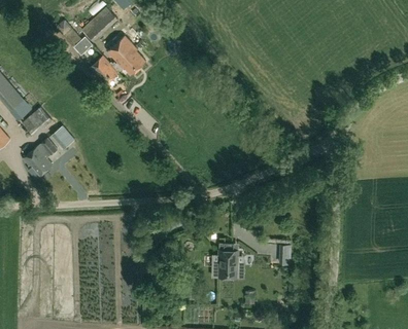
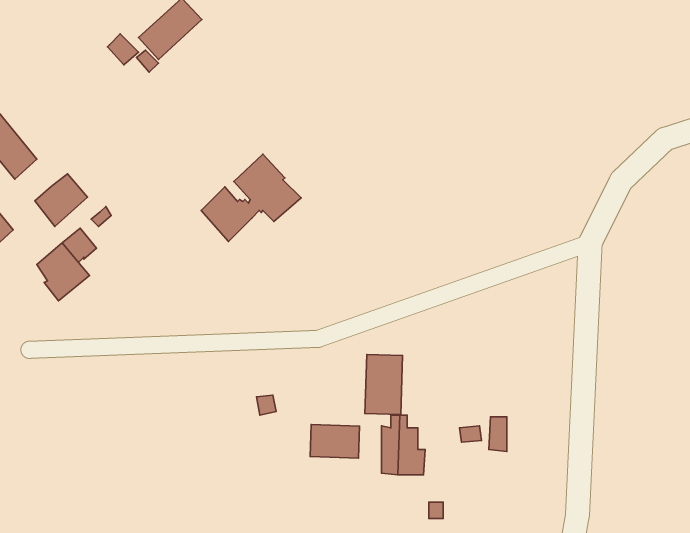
building: [90,35,146,84] -> [201,154,301,241]
building: none -> [365,354,403,415]
building: none -> [310,425,360,458]

